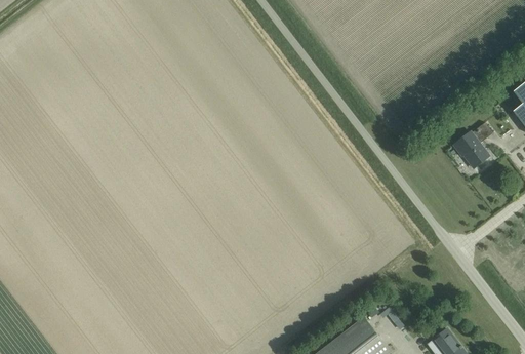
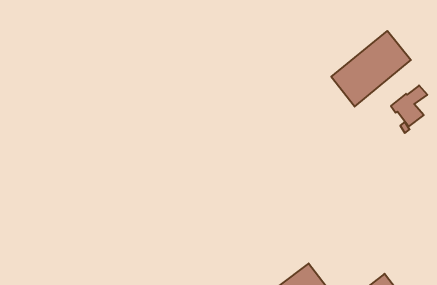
building: none -> [331,31,411,107]

